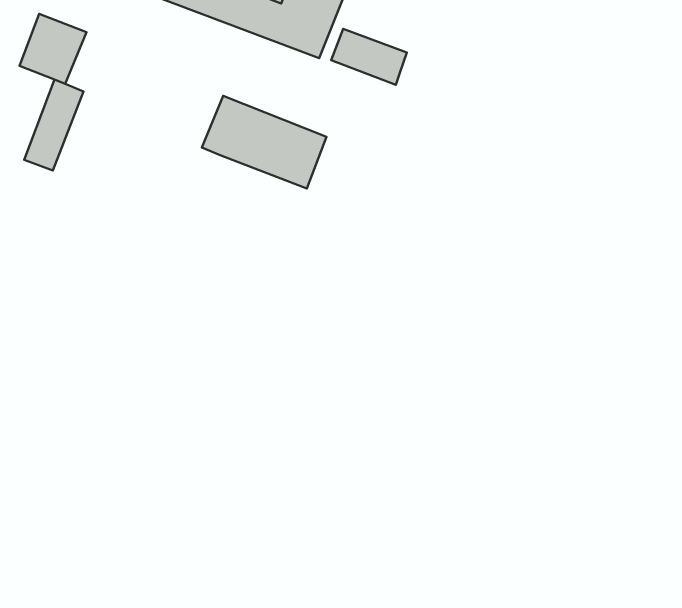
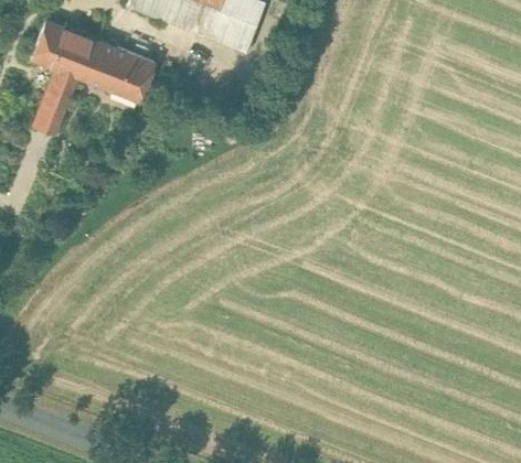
building: [331,29,407,85] -> none
building: [202,96,327,189] -> [64,32,155,99]

